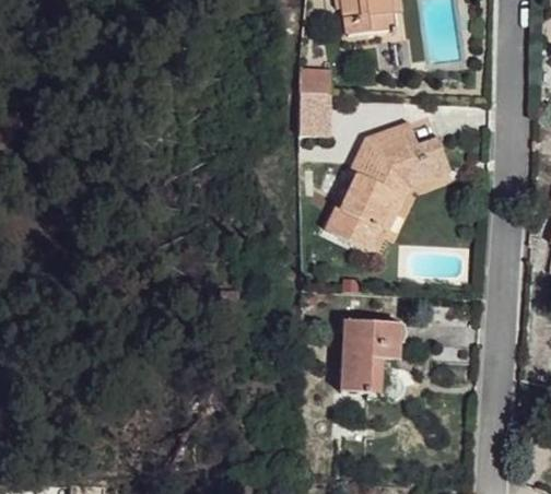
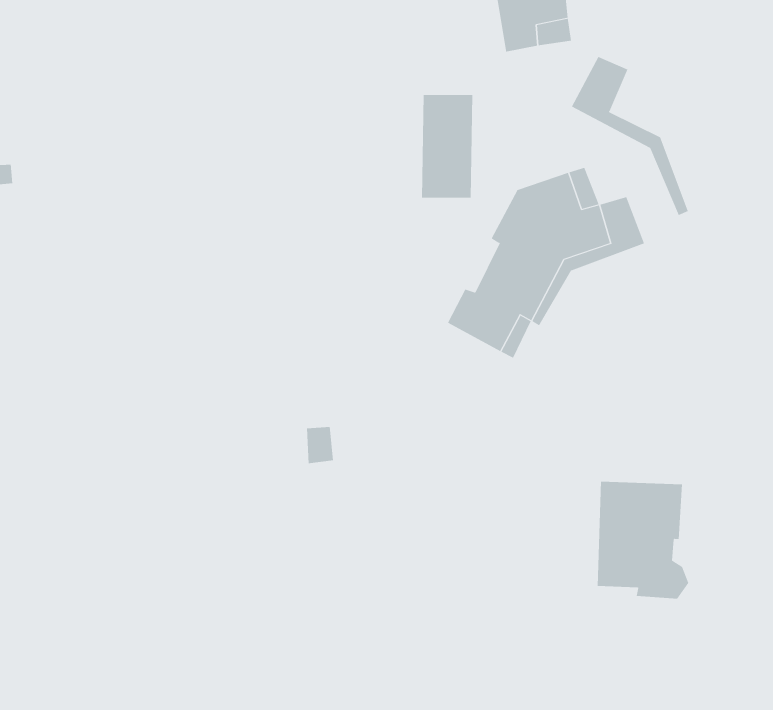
building: none -> [571,56,688,216]
building: [341,324,403,403] -> [597,481,689,599]

